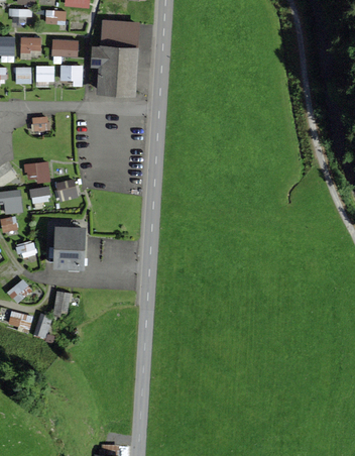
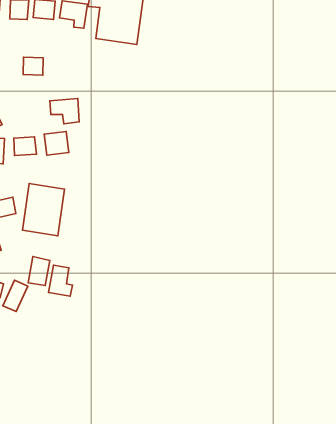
building: [24,160,51,184] -> [50,99,79,124]
building: none -> [49,265,73,296]

